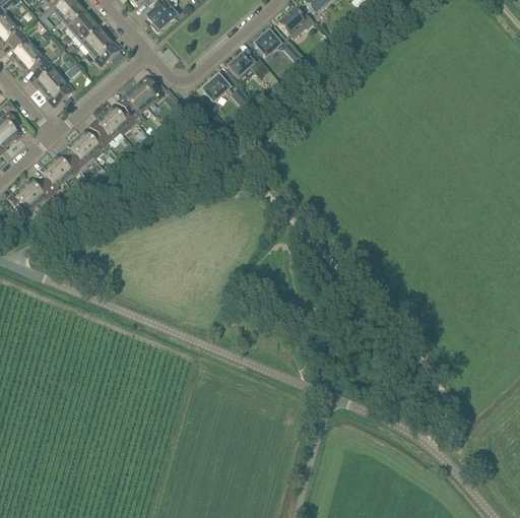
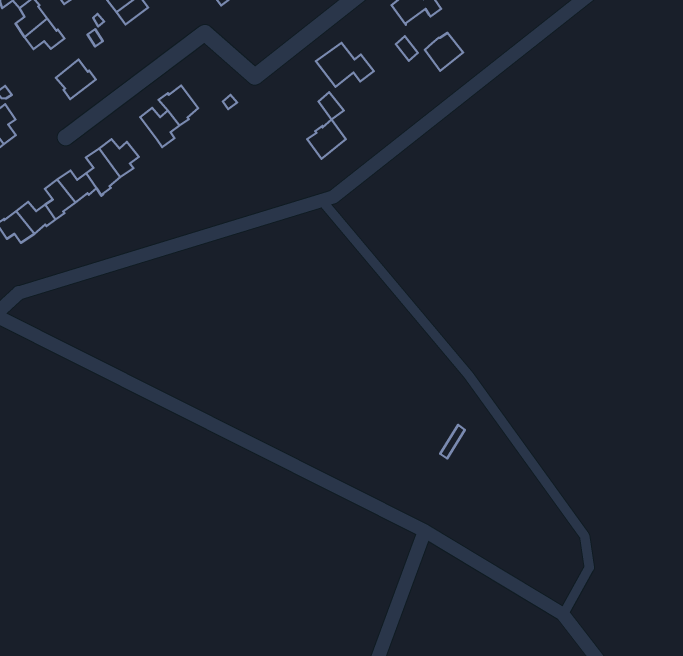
building: [254,29,281,57] -> [425,33,463,71]
building: [90,36,119,64] -> none
building: [30,62,59,90] -> none
building: [202,73,230,102] -> [307,119,346,159]
building: [133,76,161,105] -> none
building: [90,114,123,146] -> none

